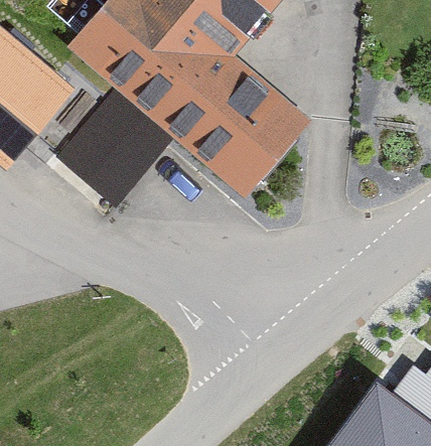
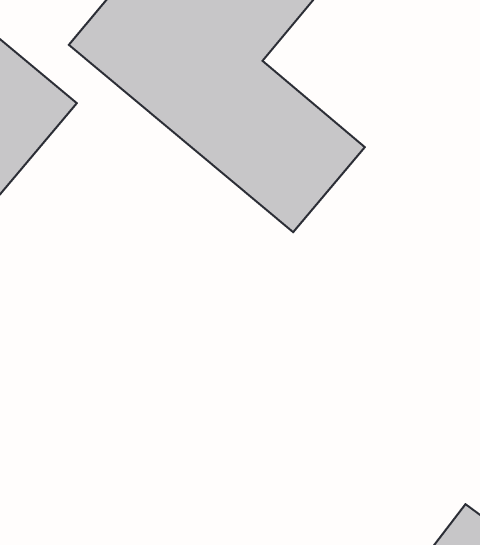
building: [54,93,165,203] -> none

